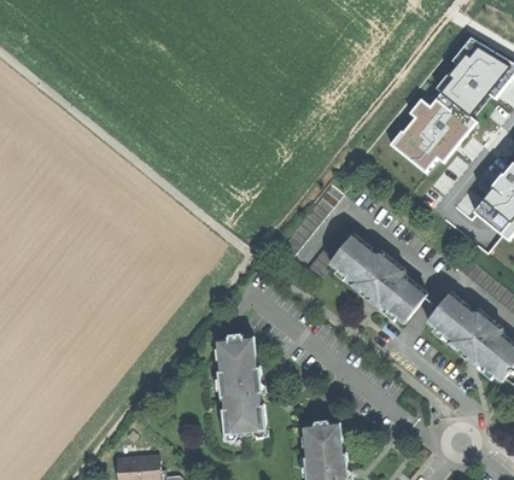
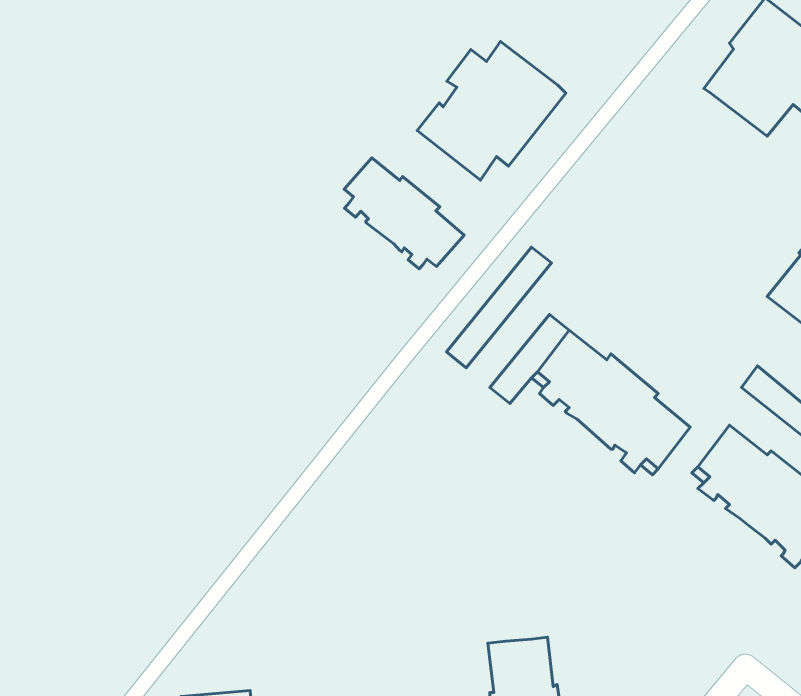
building: [387,90,478,175] -> [417,42,566,180]
building: none -> [344,158,464,269]
building: [217,336,265,437] -> none

